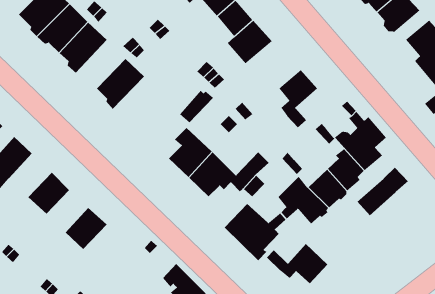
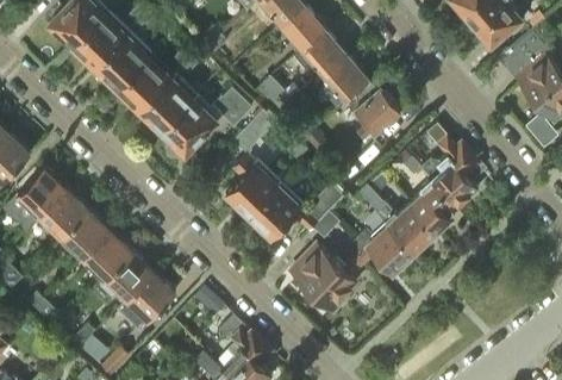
building: none -> [115,52,174,110]
building: none -> [314,54,368,107]
building: none -> [158,89,251,154]
building: none -> [37,186,87,237]
building: [357,167,409,216] -> none
building: none -> [81,229,130,279]
building: none -> [124,269,175,322]
building: [266,243,328,284] -> none

